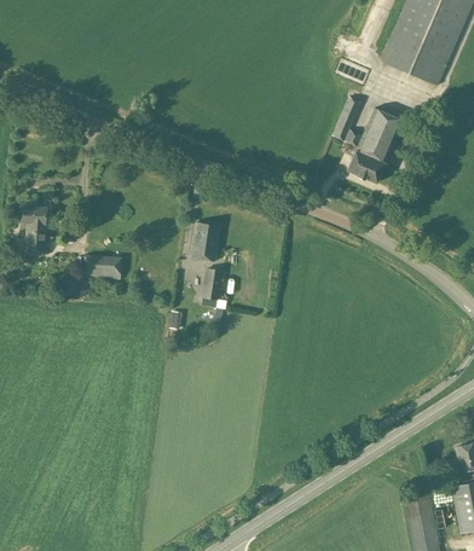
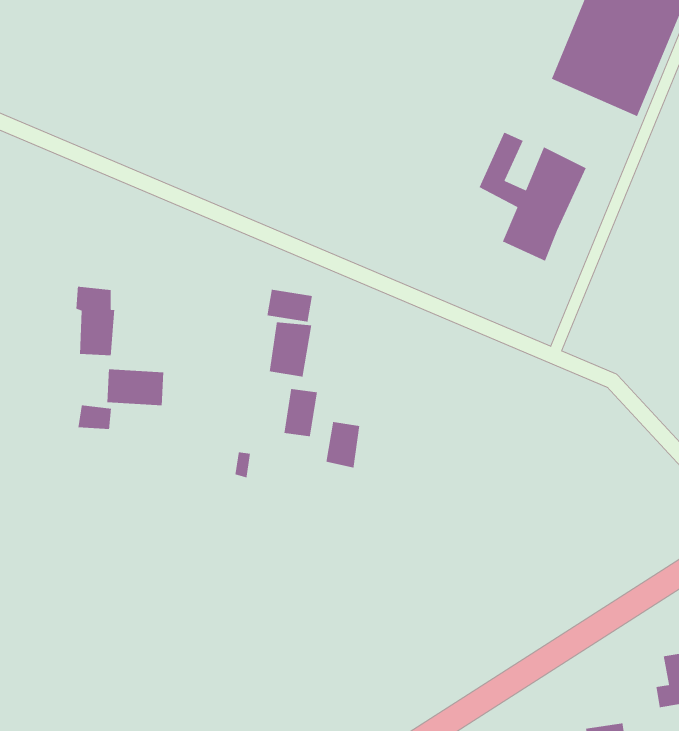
building: none -> [266,289,313,322]
building: [23,205,50,253] -> [75,286,115,356]
building: none -> [325,421,360,468]

